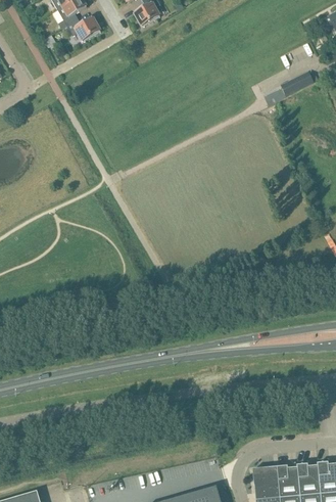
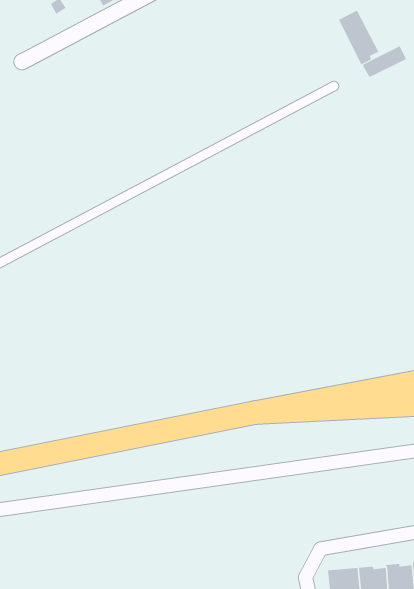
building: none -> [338,10,379,65]

